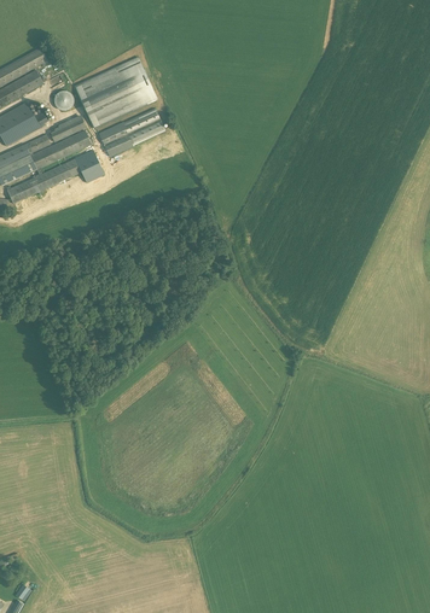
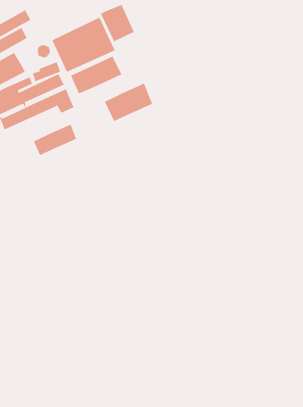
building: none -> [100,4,135,42]
building: none -> [104,83,153,122]
building: none -> [33,124,77,156]

